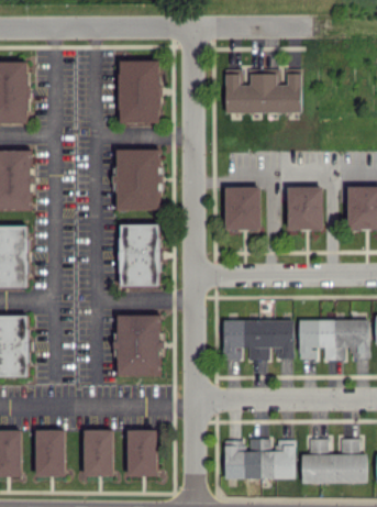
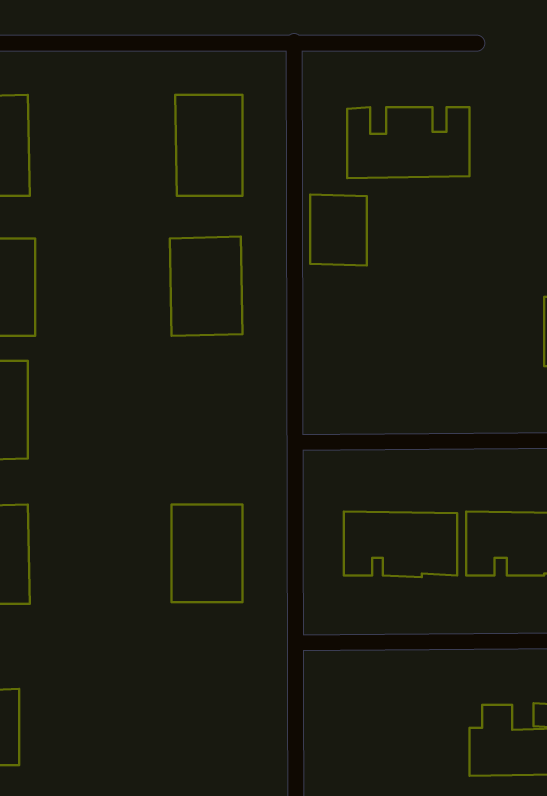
building: [225,187,260,231] -> [310,195,367,265]
building: [287,187,323,230] -> none
building: [119,224,160,287] -> none
building: [35,430,65,477] -> none
building: [84,430,113,477] -> none
building: [127,430,157,477] -> none
building: [224,439,296,480] -> none

